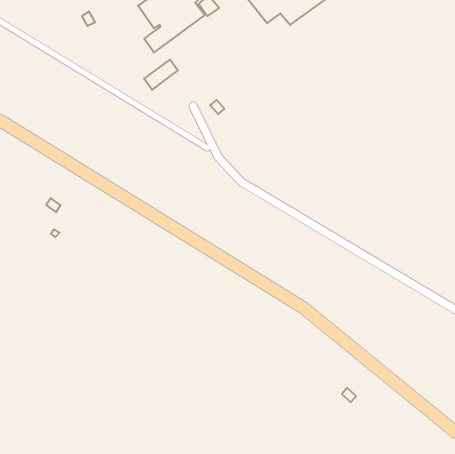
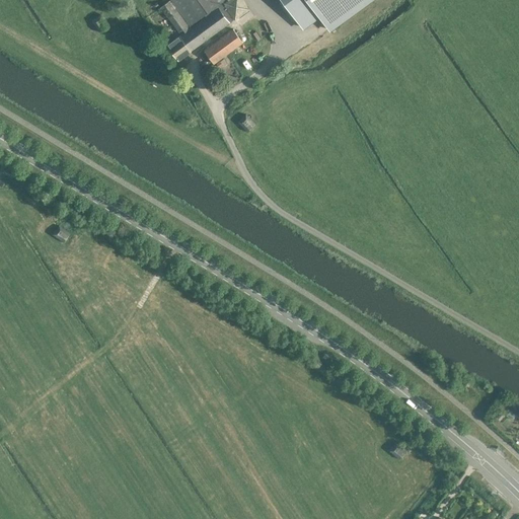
building: [144,60,178,90] -> [203,27,241,62]

